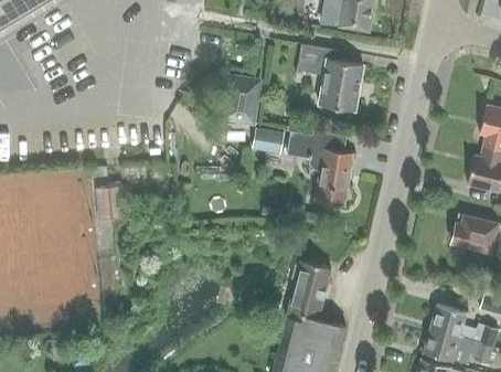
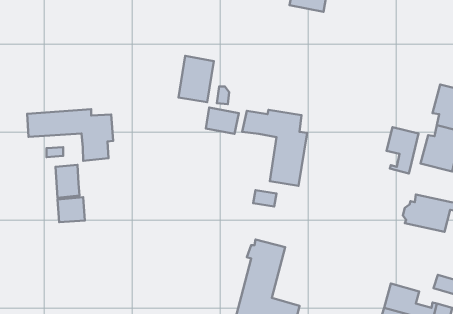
building: [296,44,362,110] -> none
building: none -> [27,109,113,161]
building: none -> [387,127,418,174]
building: none -> [57,197,85,222]

